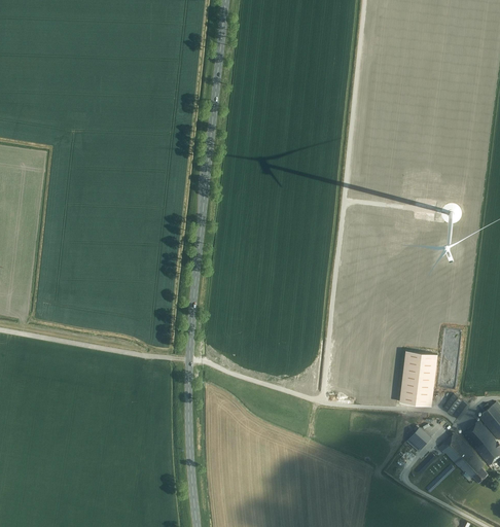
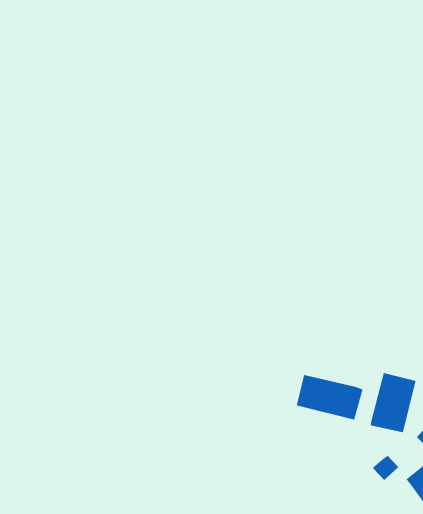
building: none -> [296,374,364,421]

